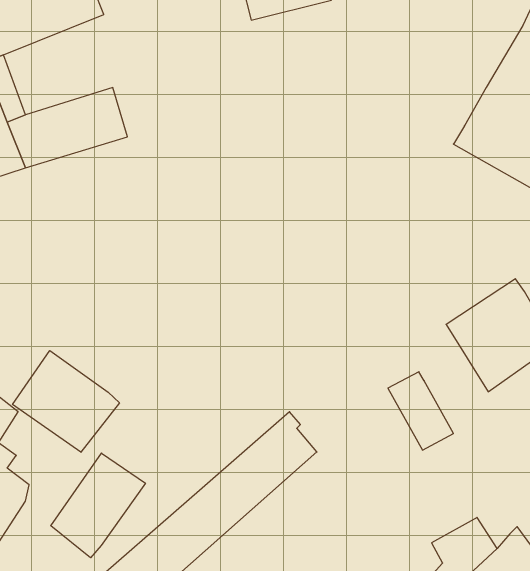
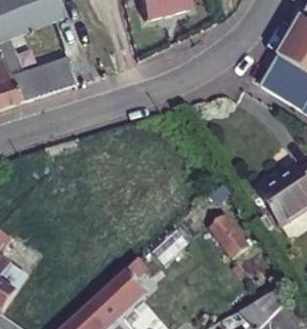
building: [13,351,119,452] -> none
building: [51,453,145,558] -> none

